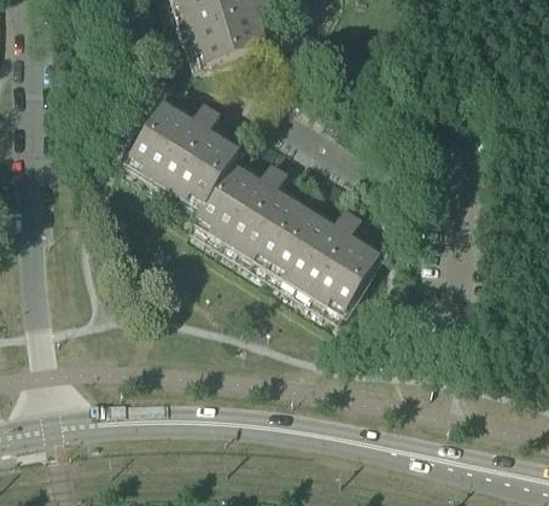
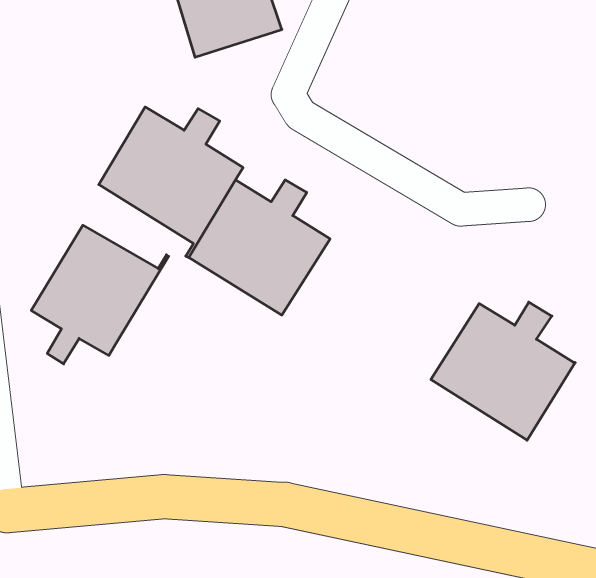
building: none -> [31,225,169,364]
building: [267,205,379,313] -> [431,302,575,440]

